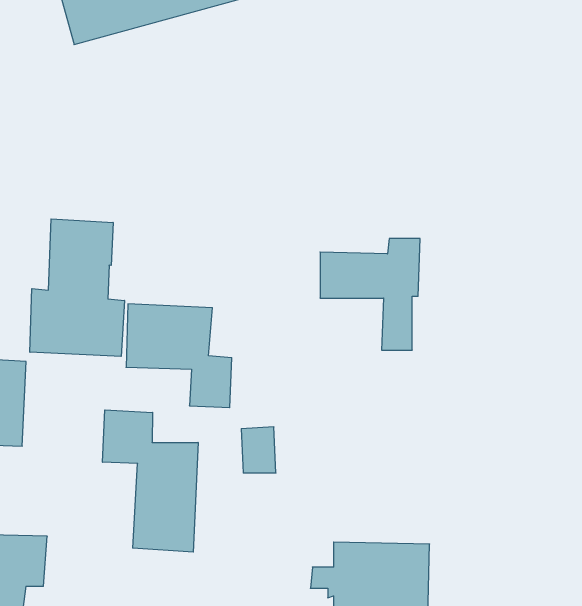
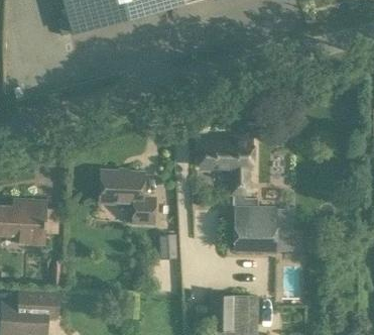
building: [30,219,124,356] -> none
building: none -> [238,199,297,251]
building: [103,410,198,552] -> none

